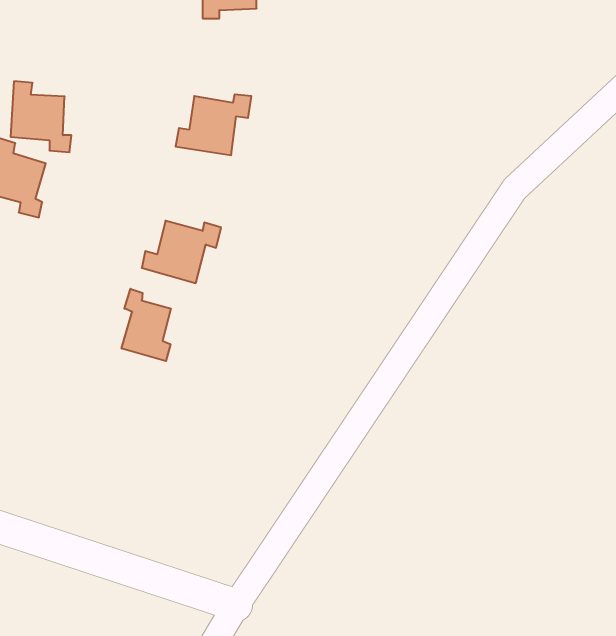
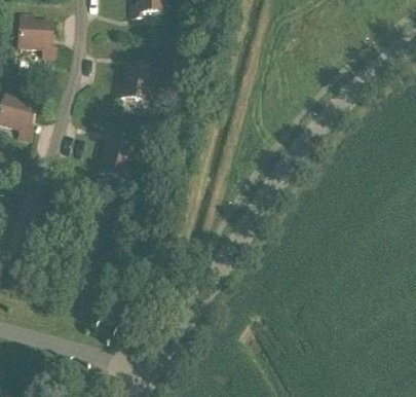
building: [11,81,71,152] -> [18,13,55,57]
building: [122,289,171,361] -> none

